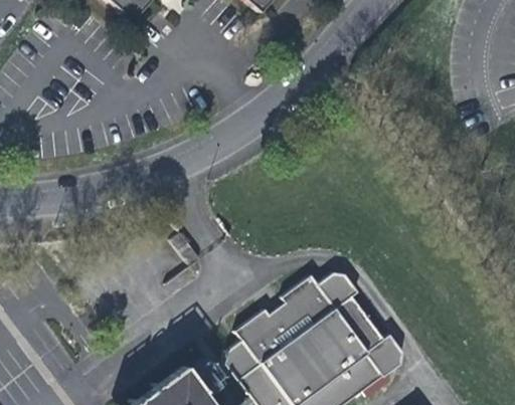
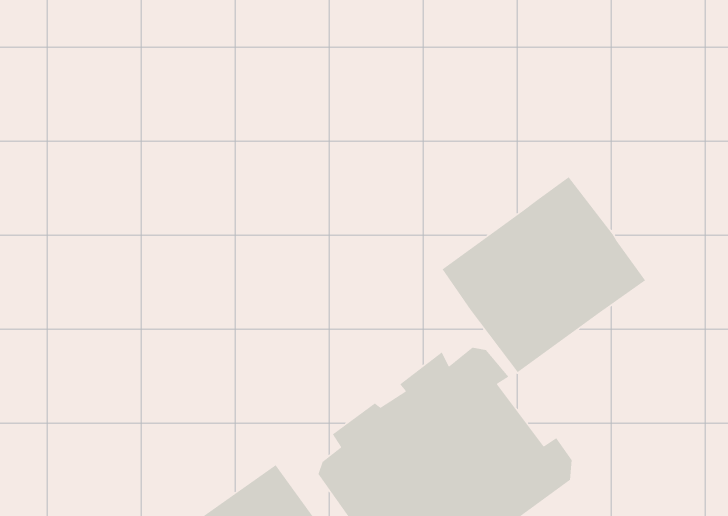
building: none -> [442,176,646,373]

